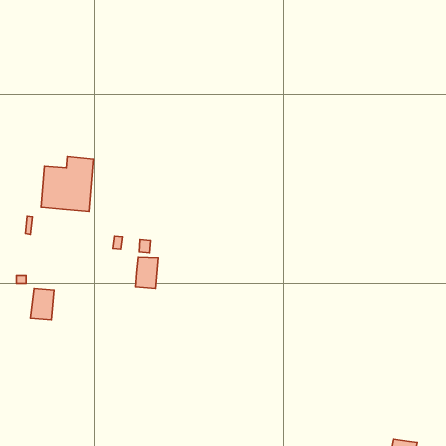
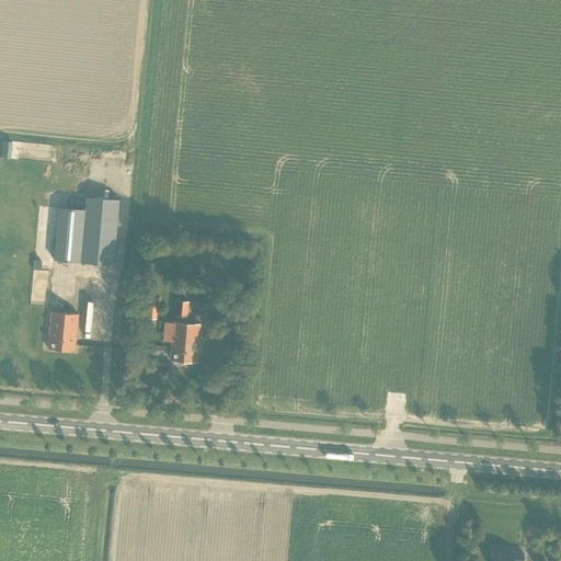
building: [31,288,54,320] -> [47,313,77,353]

